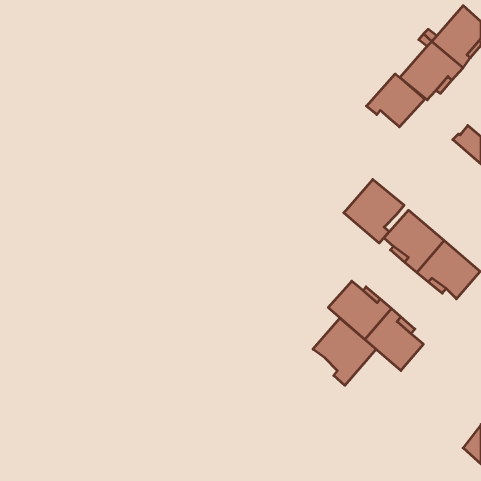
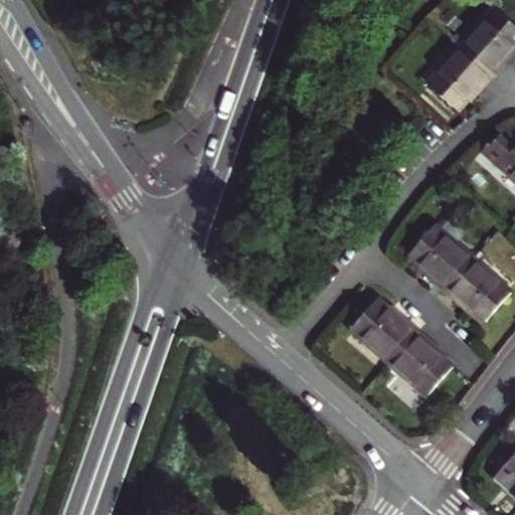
building: [366,74,425,127] -> none
building: [344,179,404,243] -> none
building: [313,318,376,385] -> none

